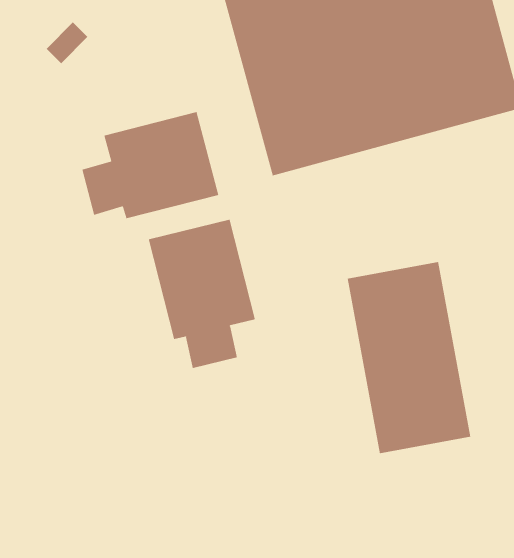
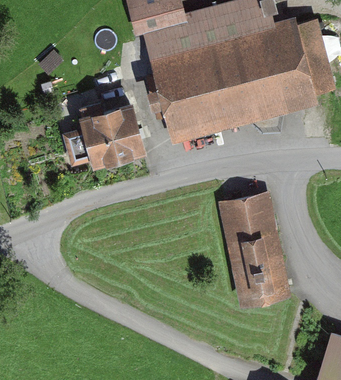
building: [148,219,255,369] -> none

